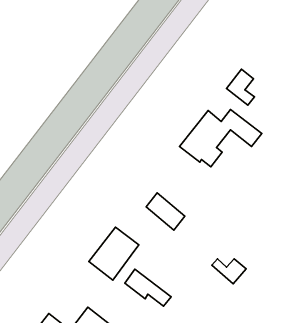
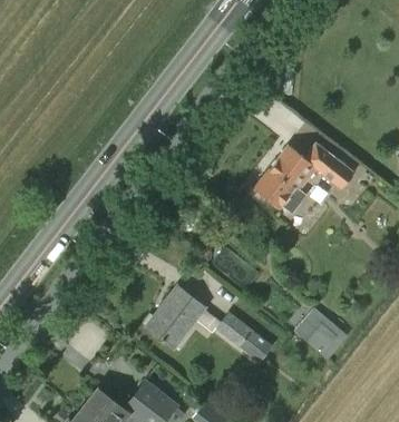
building: [227,69,254,105] -> none
building: [125,269,171,306] -> [217,313,273,357]

